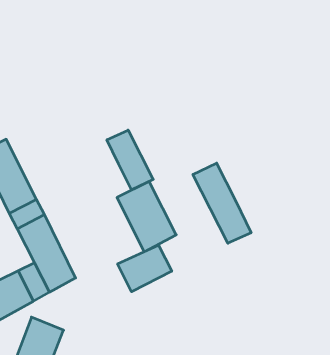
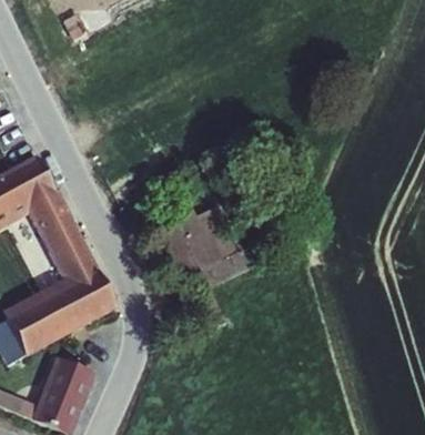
building: [107,130,153,190] -> none
building: [193,163,251,243] -> none
building: [118,245,172,292] -> none

